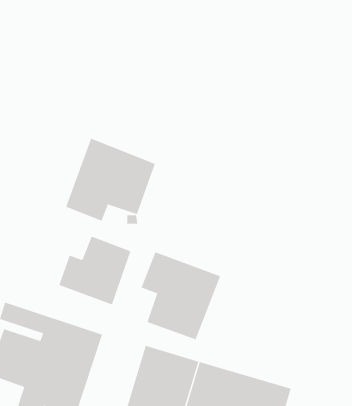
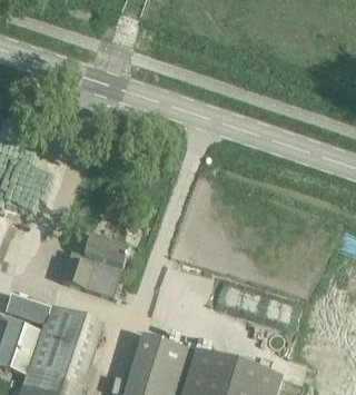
building: [65,138,156,222] -> none
building: [141,252,221,340] -> none

